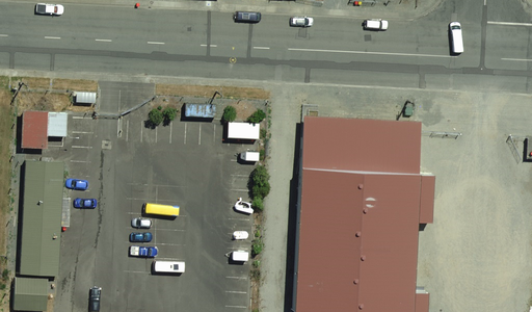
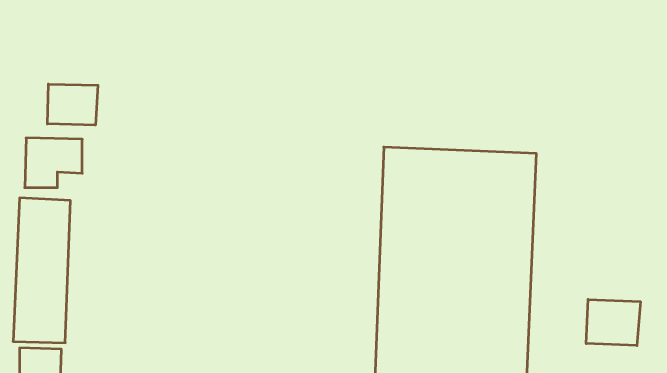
building: none -> [47,84,98,125]
building: none -> [586,299,640,346]

